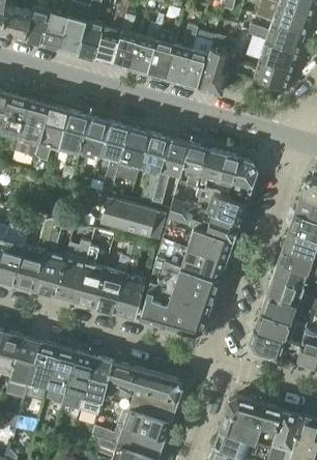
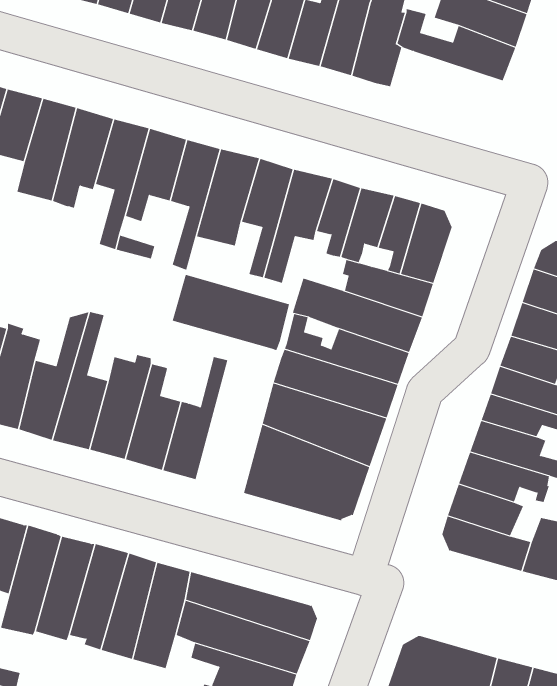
building: [114,239,146,317] -> none

